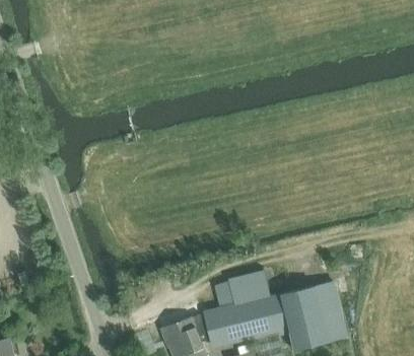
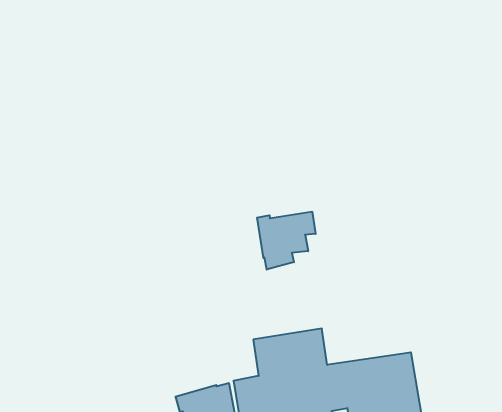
building: none -> [257,212,316,270]

